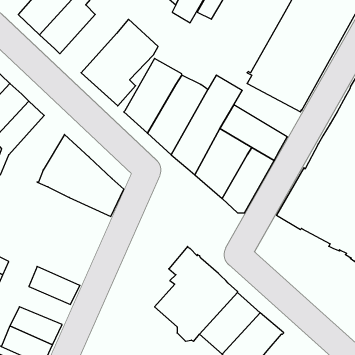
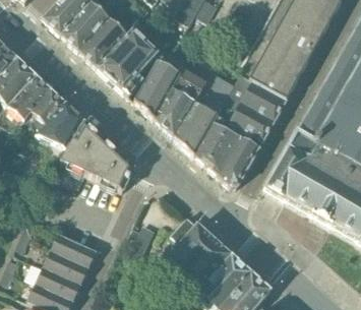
building: none -> [79,16,128,66]
building: none -> [229,75,286,121]
building: none -> [36,103,83,160]
building: none -> [45,249,88,282]

